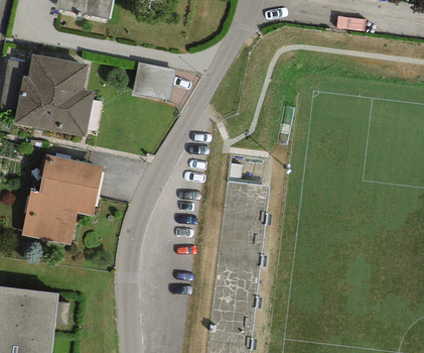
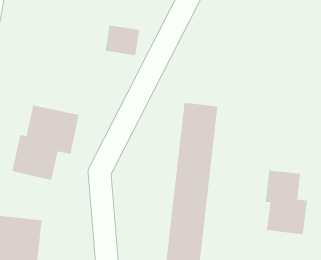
building: [13,53,95,137] -> none
building: none -> [265,170,307,235]

